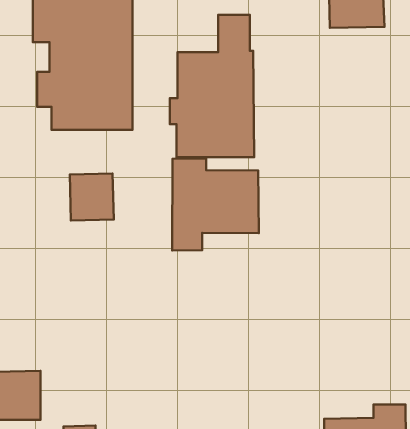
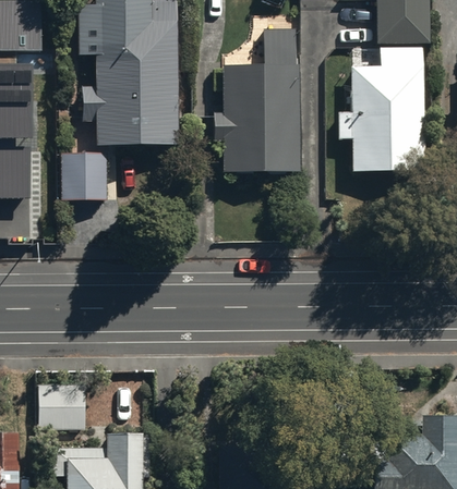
building: none -> [339,45,423,170]
building: [172,159,259,250] -> none
building: [70,173,114,221] -> [64,151,108,198]

